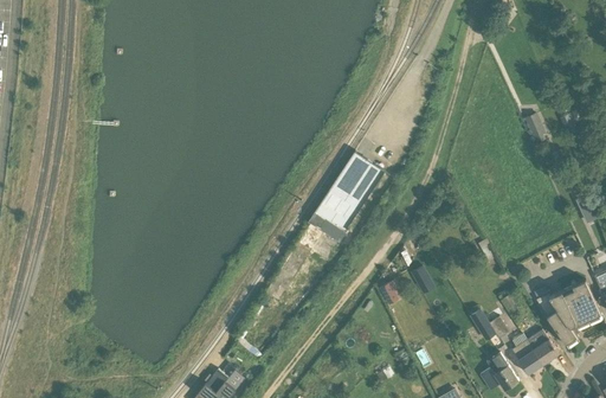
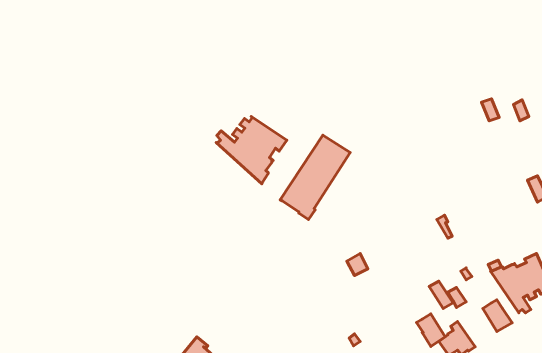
building: none -> [216,116,287,184]
building: [511,339,542,374] -> [417,314,445,347]

